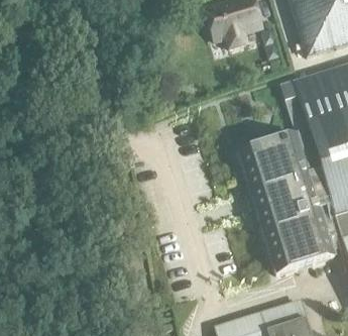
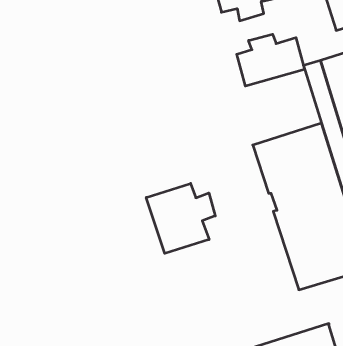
building: none -> [237,34,305,86]
building: none -> [146,183,215,253]

